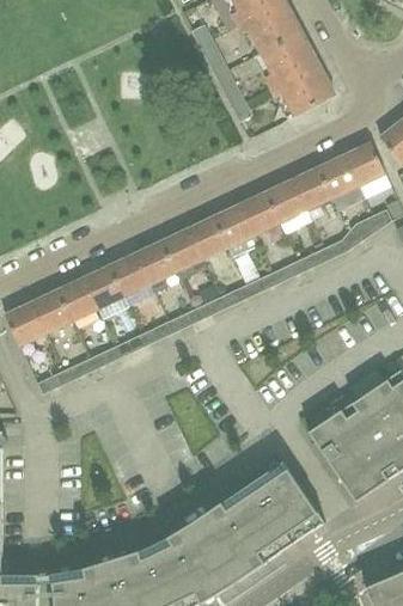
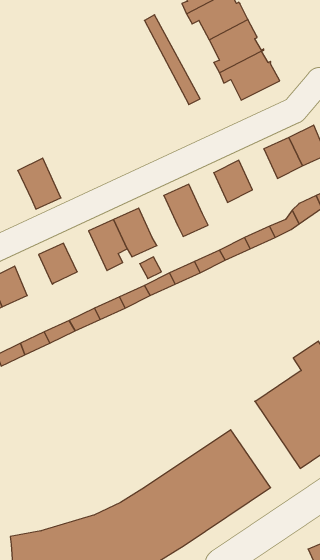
building: [292,167,332,210] -> none
building: [239,192,280,235] -> none
building: [187,216,227,261] -> none
building: [108,253,153,307] -> [18,158,61,209]
building: [56,278,96,322] -> none

